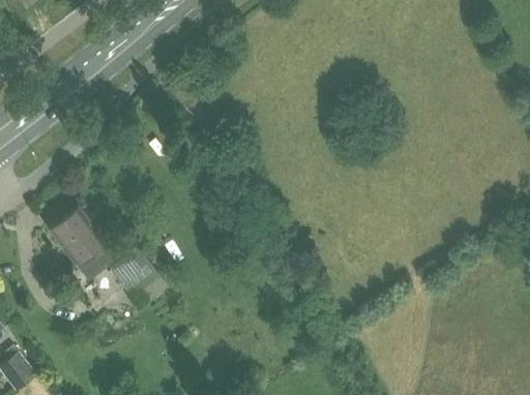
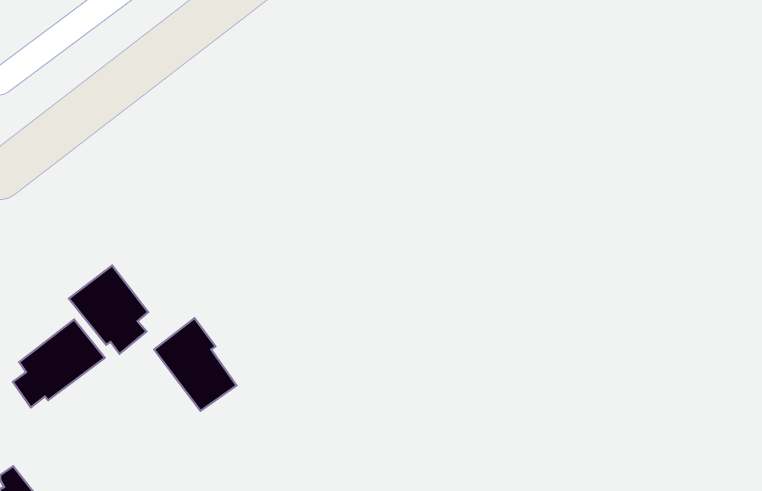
building: none -> [13,319,105,408]

